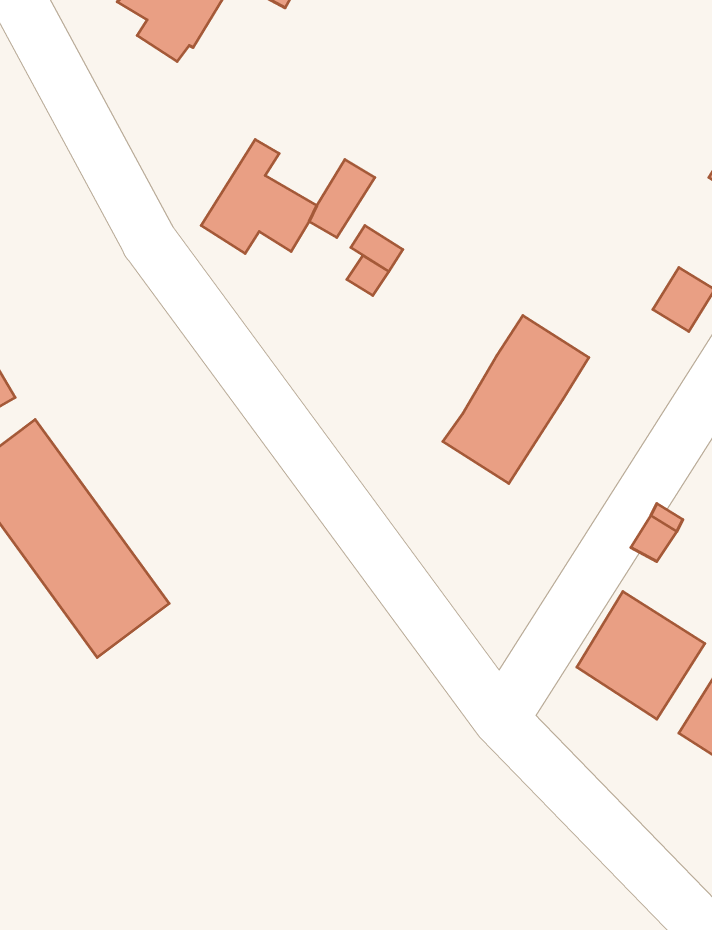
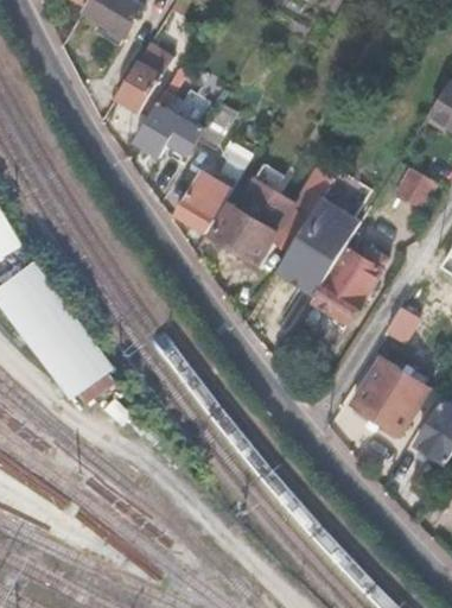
building: none -> [113,42,171,110]
building: none -> [171,172,229,235]
building: none -> [209,177,327,265]
building: none -> [311,246,387,322]

